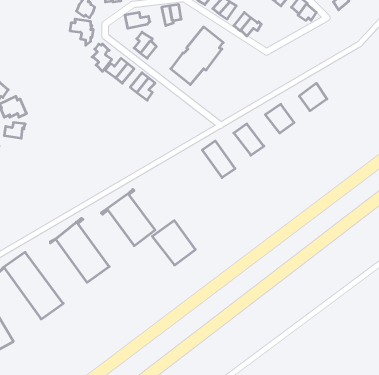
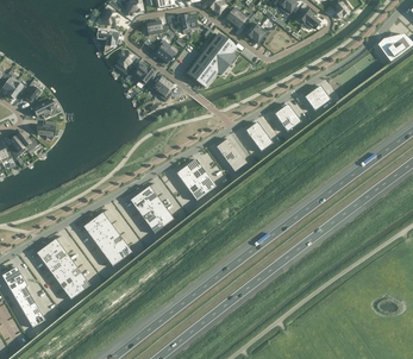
building: [152,221,195,265] -> [175,158,214,199]

